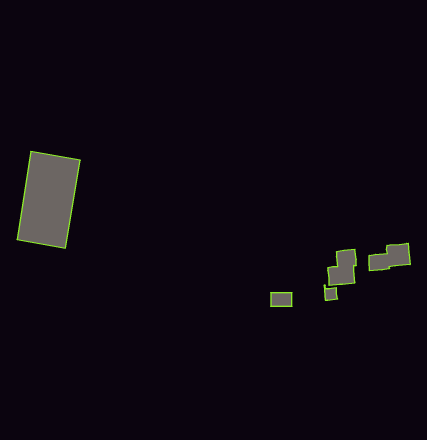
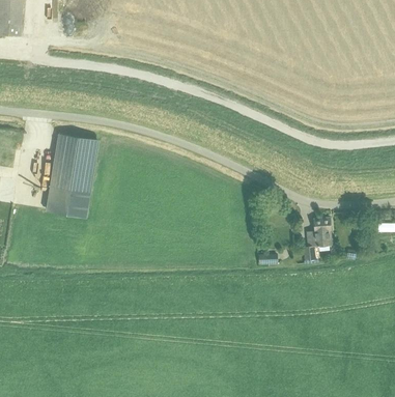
building: [369,243,410,271] -> none

